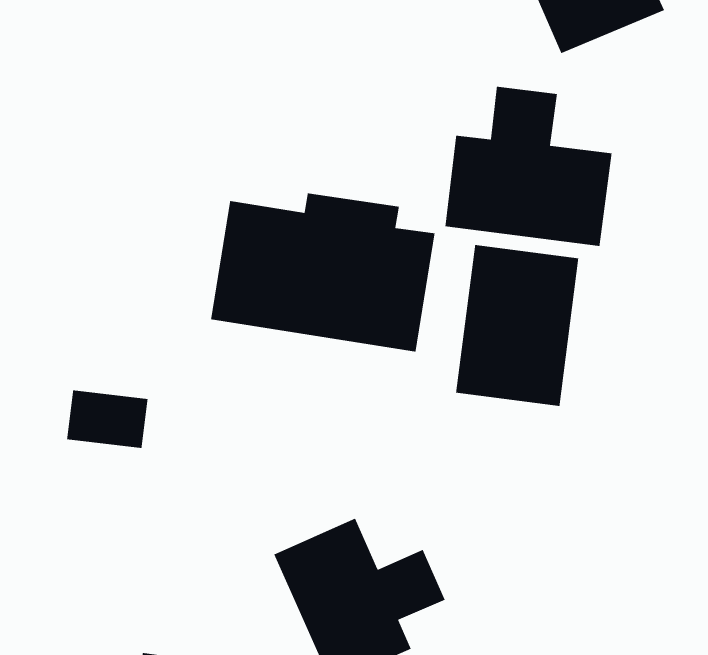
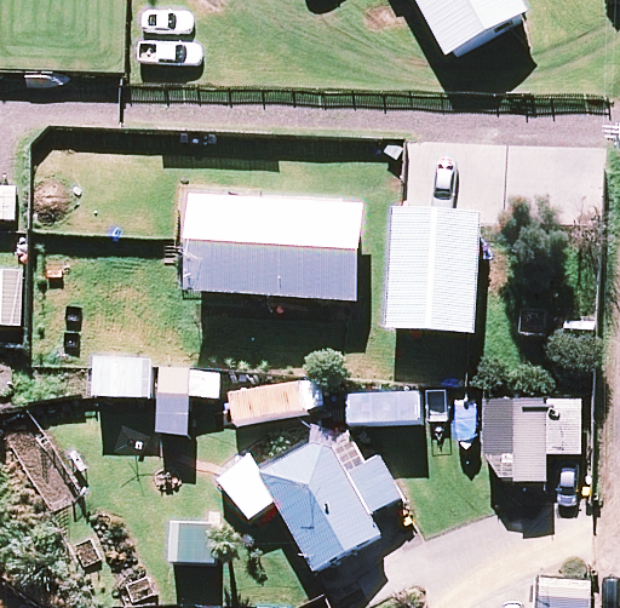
building: [444,86,612,247] -> none
building: none -> [484,396,578,481]

